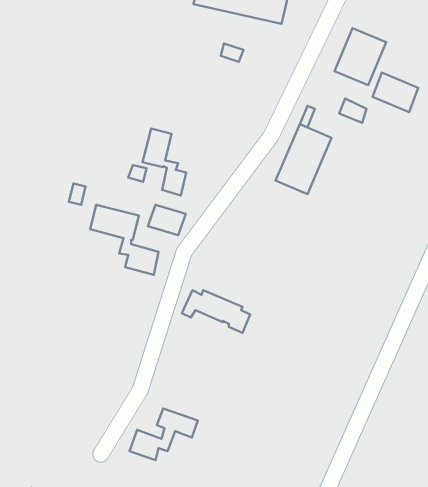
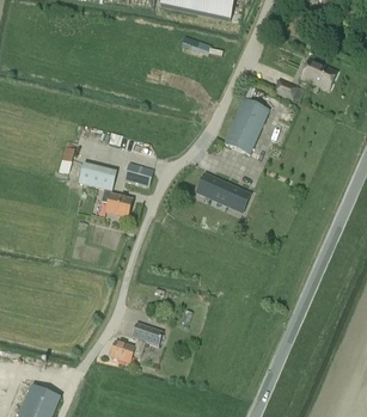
building: [334,28,386,85] -> none
building: [143,129,186,195] -> none
building: [182,290,250,333] -> [195,177,249,210]

